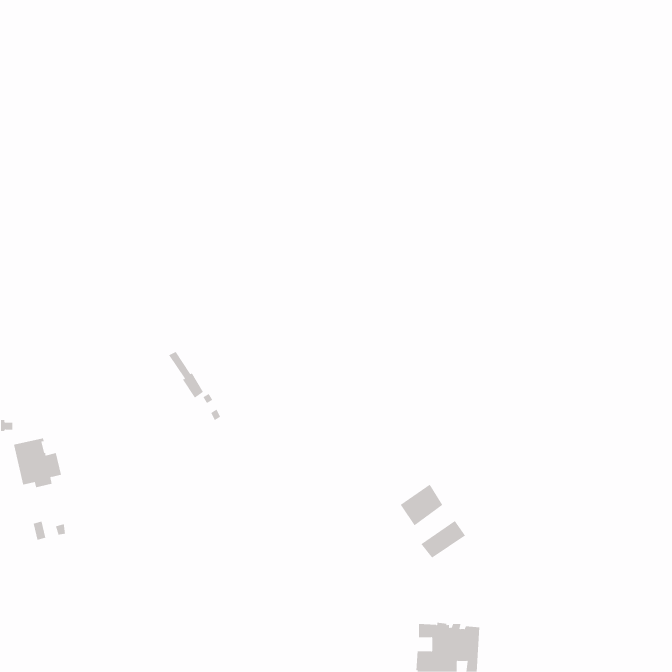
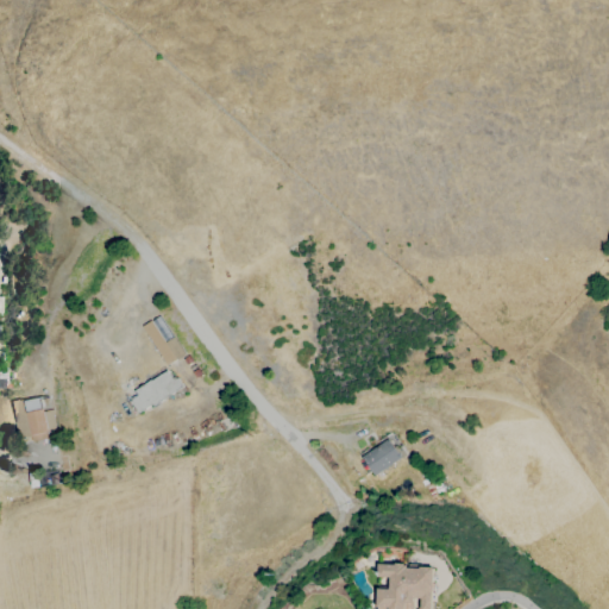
building: none -> [130,370,180,413]
building: [420,520,466,559] -> none

